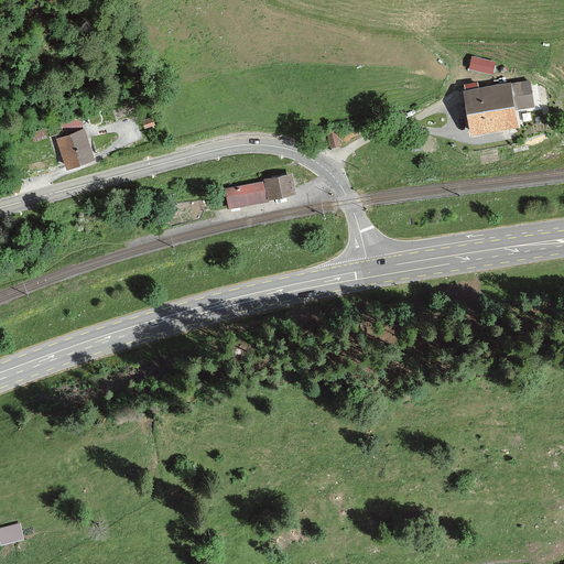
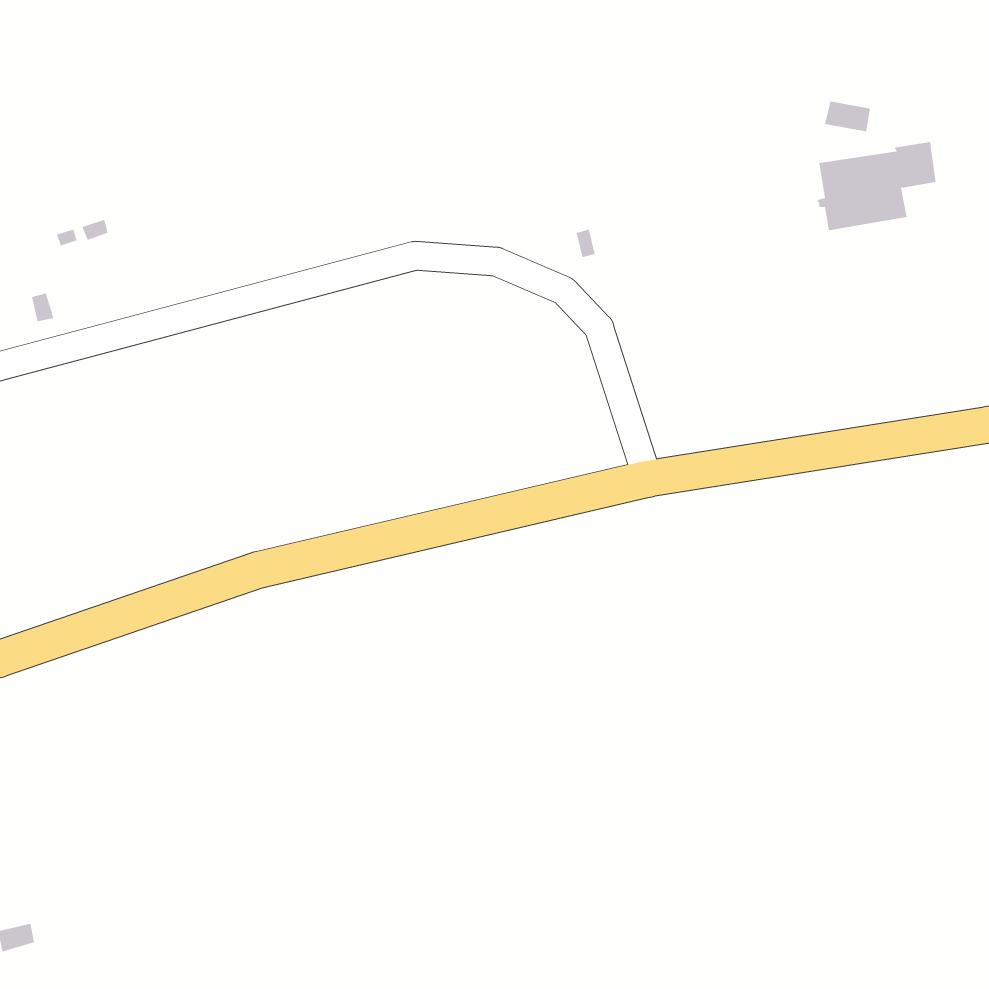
building: [57,131,90,166] -> none
building: [226,176,293,203] -> none

